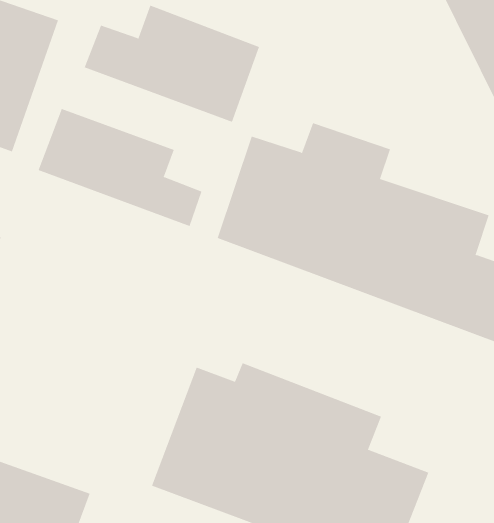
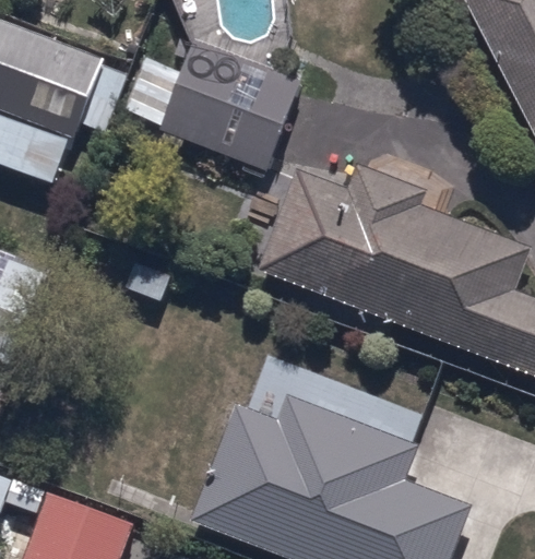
building: [38,108,202,227] -> none

